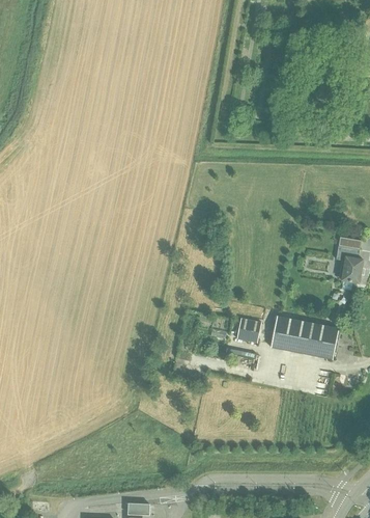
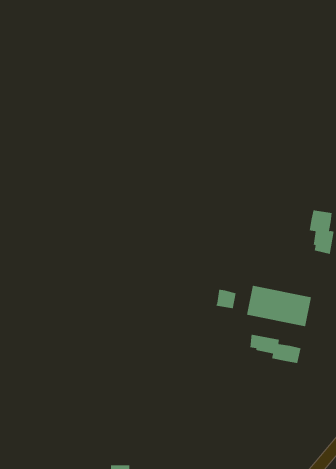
building: none -> [250,334,301,364]

